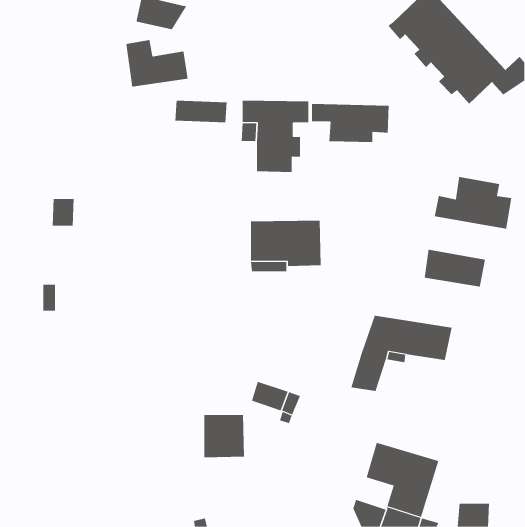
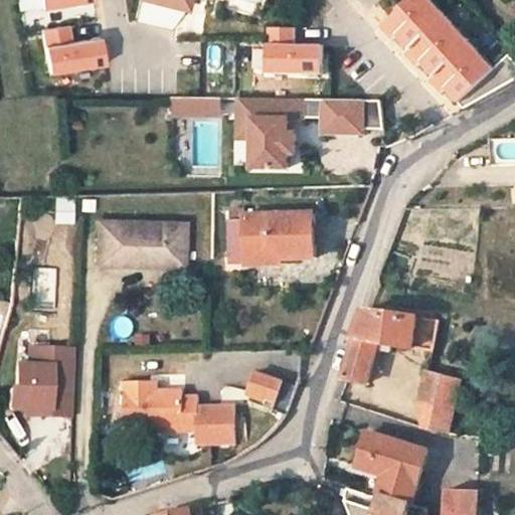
building: none -> [263,27,318,72]
building: [125,40,188,87] -> [38,25,100,71]
building: [434,176,512,230] -> none
building: none -> [96,222,179,266]
building: none -> [5,347,69,414]
building: none -> [418,369,461,431]
building: none -> [122,382,196,433]

